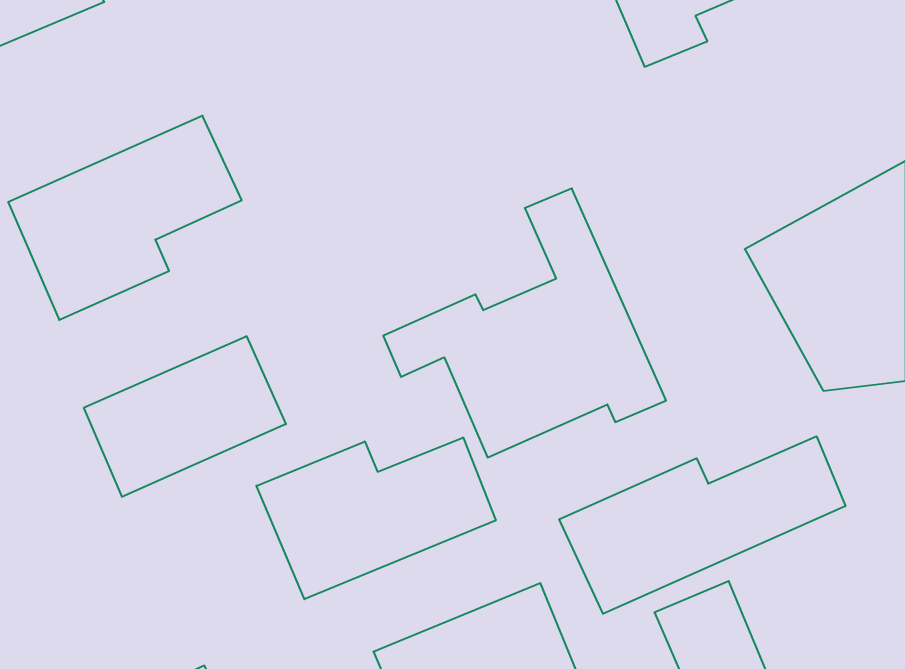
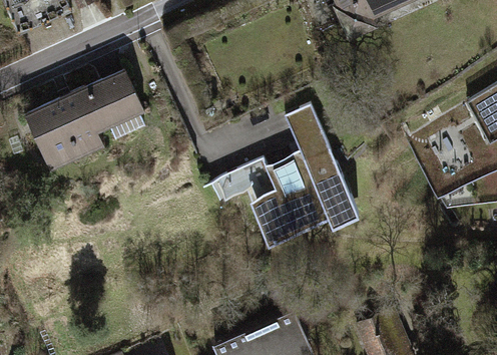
building: [84,336,286,497] -> none
building: [559,436,845,614] -> none
building: [256,437,496,599] -> none

